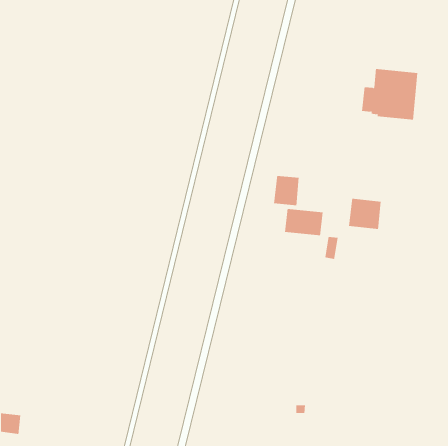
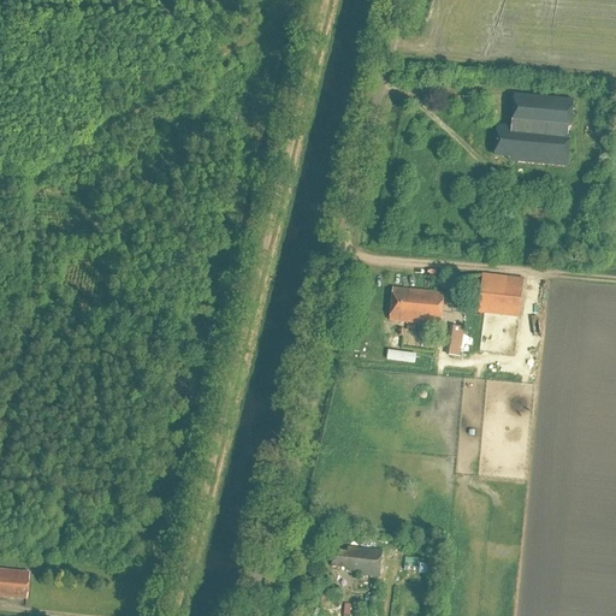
building: [274,175,299,206] -> none
building: none -> [332,545,383,575]

